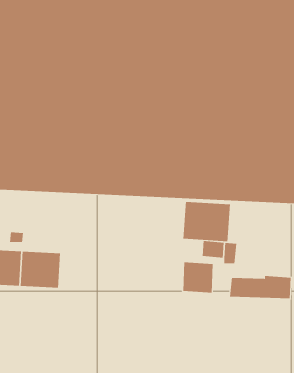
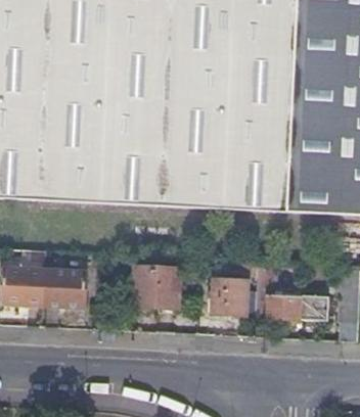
building: [183,201,230,242] -> none
building: none -> [134,264,180,304]

